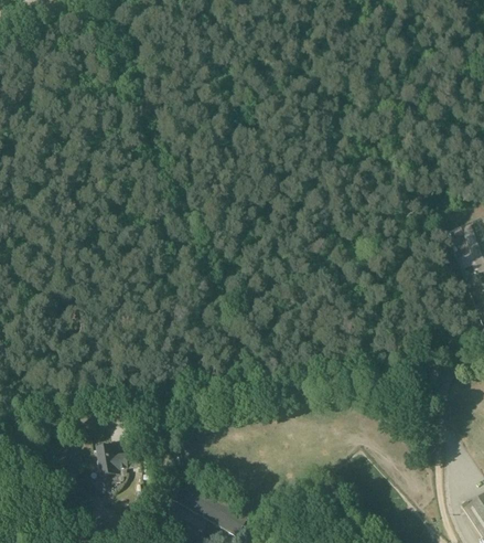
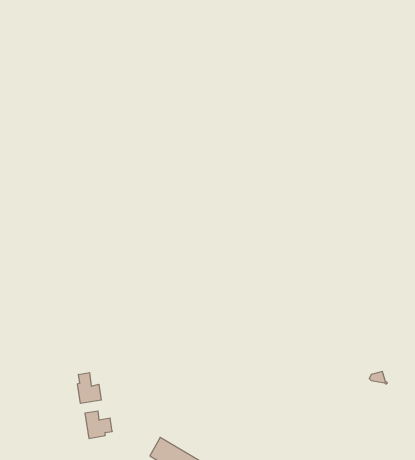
building: none -> [78,373,101,403]

